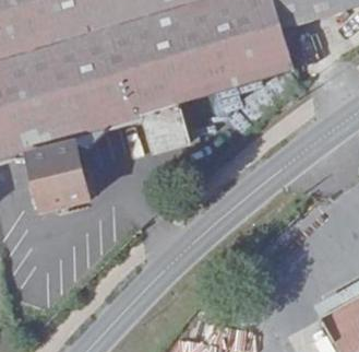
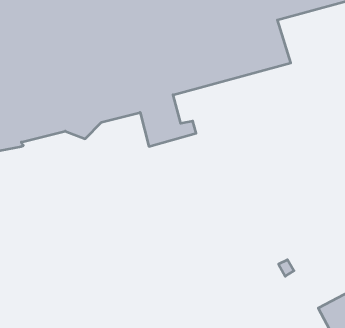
building: [27,140,95,210] -> none

